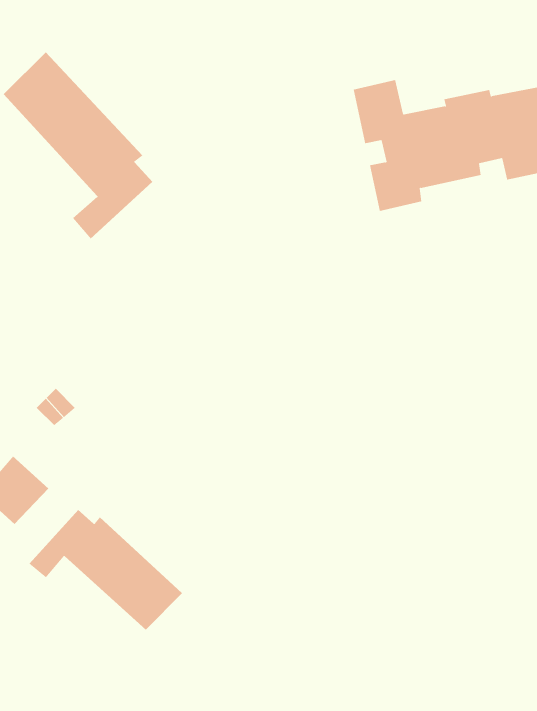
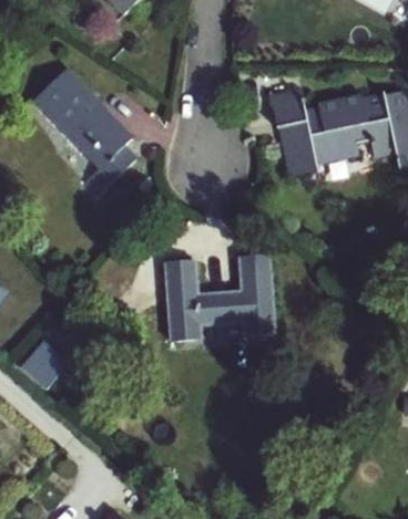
building: none -> [163,255,276,340]
building: [29,509,183,631] -> none

